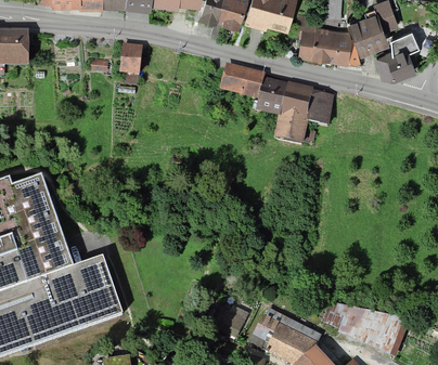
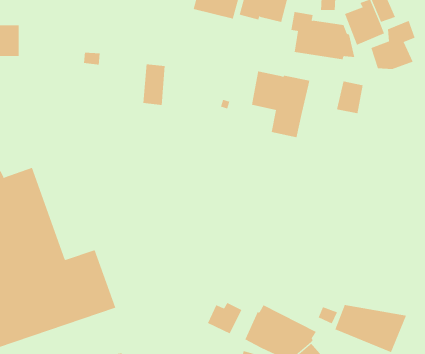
building: [119,43,142,84] -> [143,64,166,105]
building: [220,63,266,101] -> none
building: [308,92,335,125] -> [336,81,364,114]

